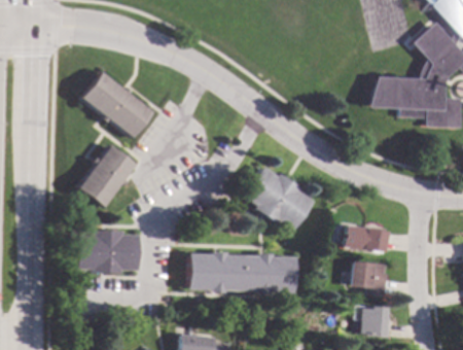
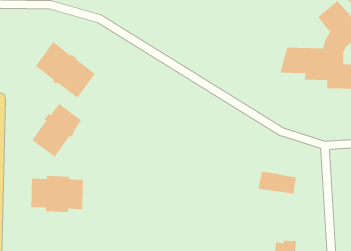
building: [243,167,314,230] -> none
building: [189,251,297,294] -> none
building: [350,260,389,295] -> none

